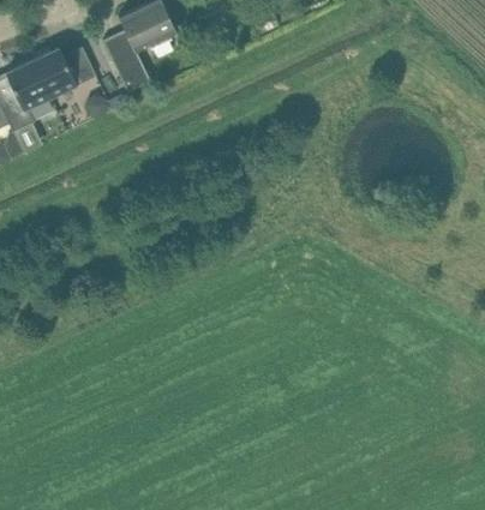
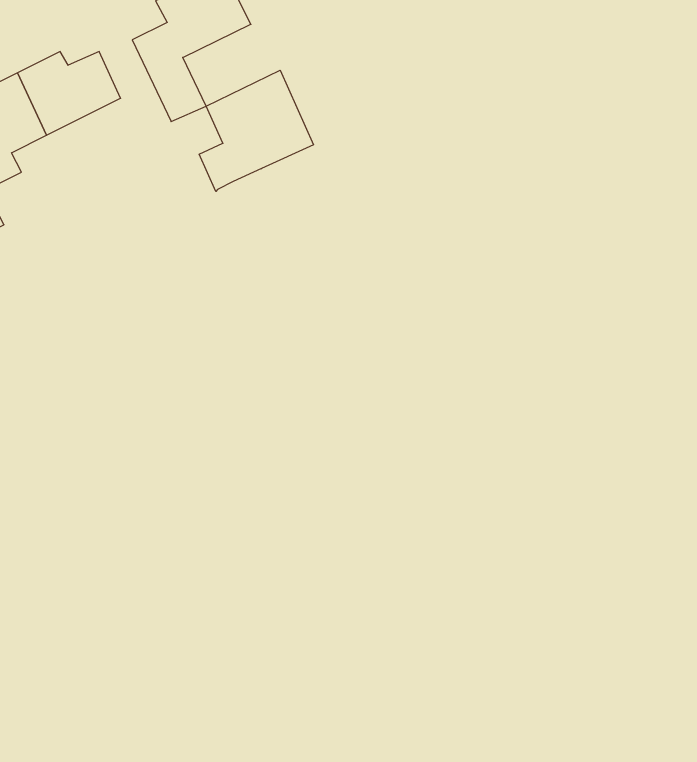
building: none -> [199,70,314,191]

